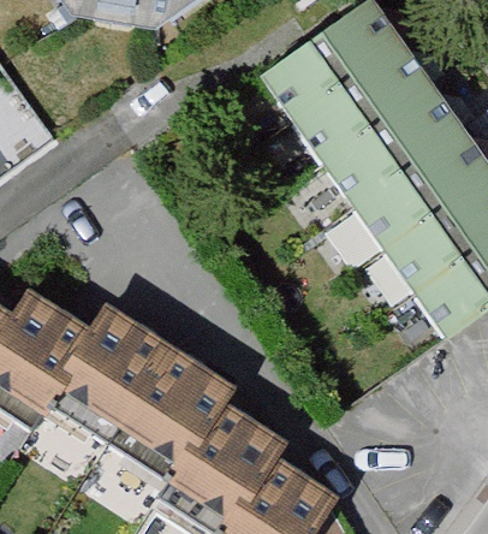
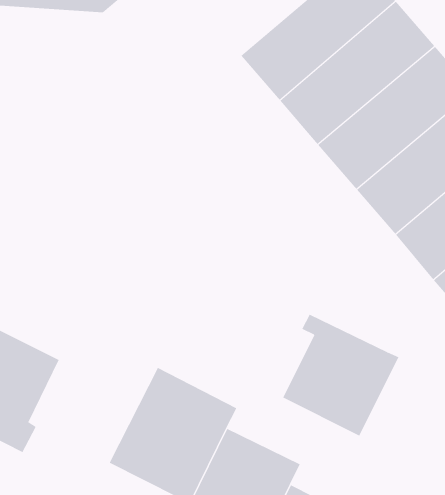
building: [42,298,160,421] -> none
building: none -> [283,314,399,436]

